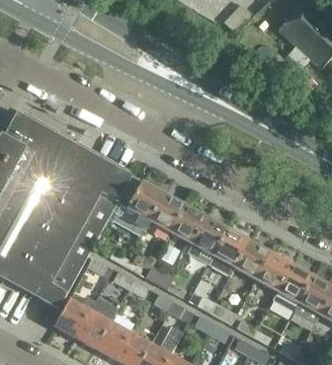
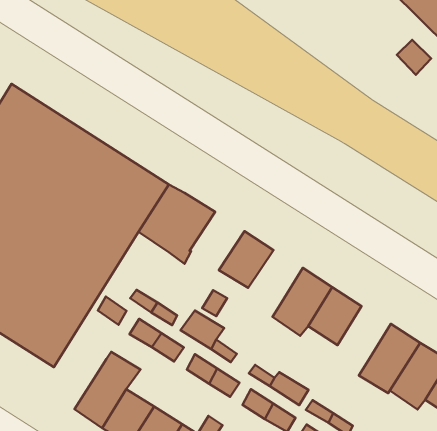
building: [149,193,186,233] -> none
building: [188,217,229,264] -> none
building: [256,252,293,292] -> none
building: [55,295,95,337] -> none

